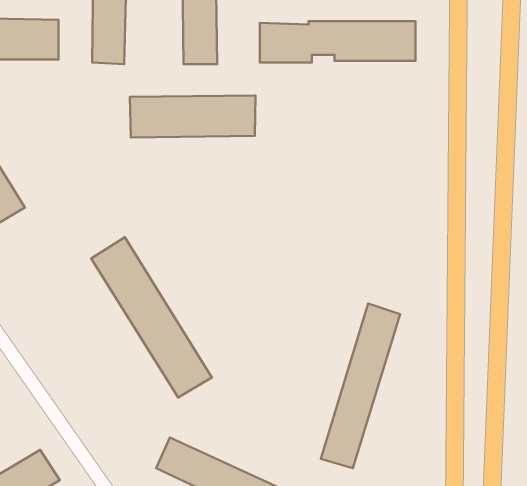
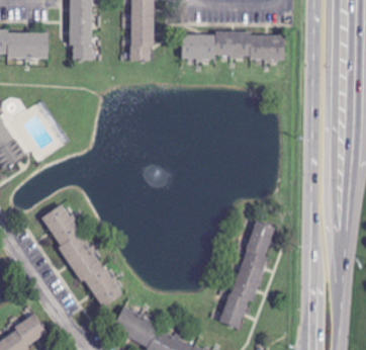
building: [130,95,256,138] -> none
building: [91,237,212,397] -> [41,202,121,309]

